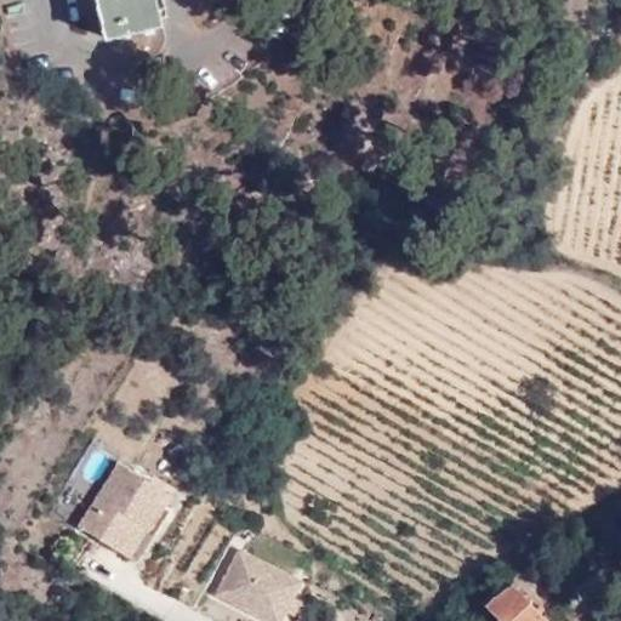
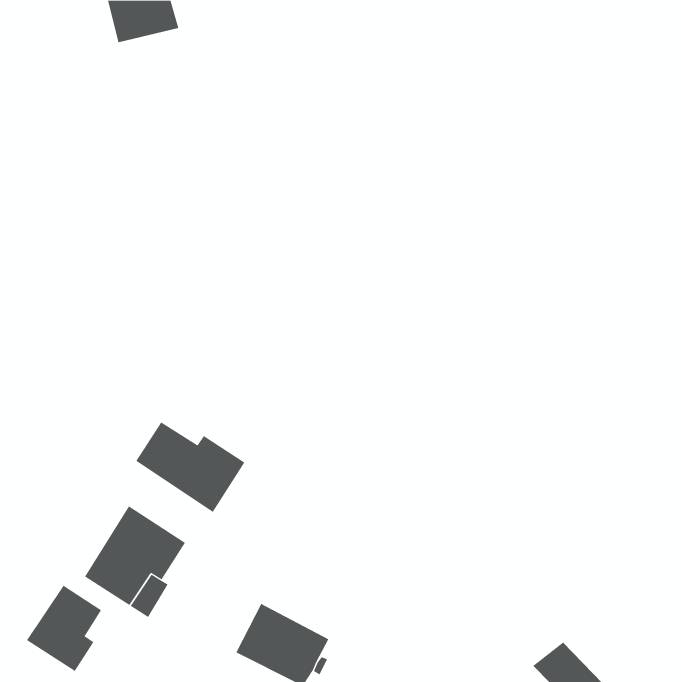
building: none -> [135,421,245,513]
building: none -> [26,585,102,672]

